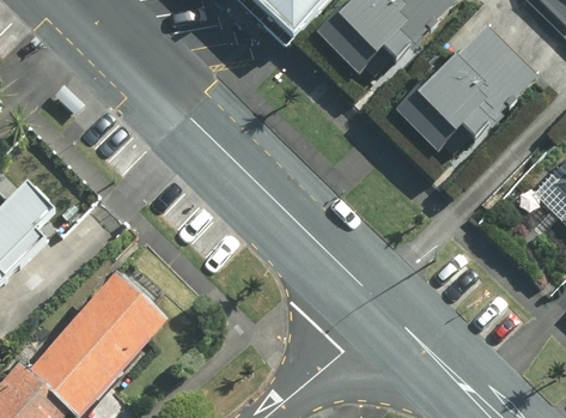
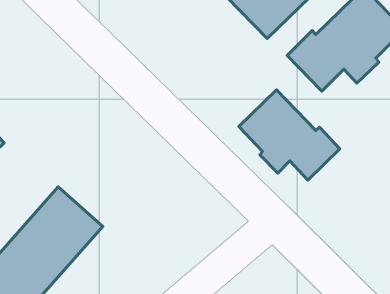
building: none -> [239,90,340,180]

